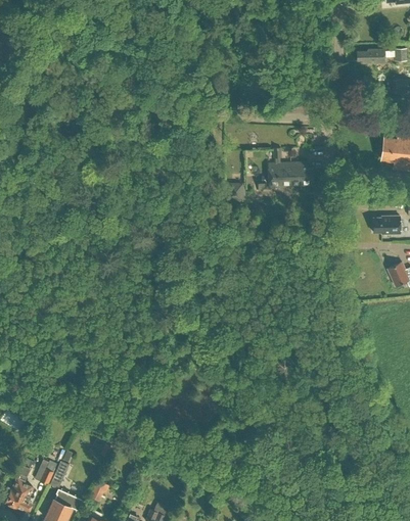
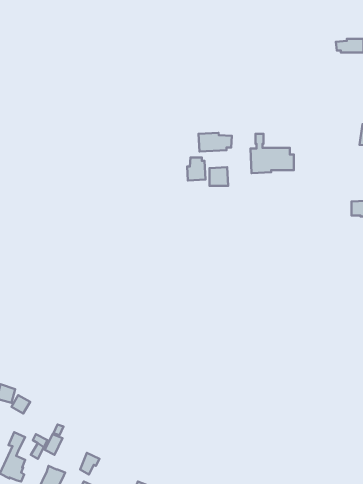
building: none -> [199,133,232,152]
building: none -> [187,157,205,181]

